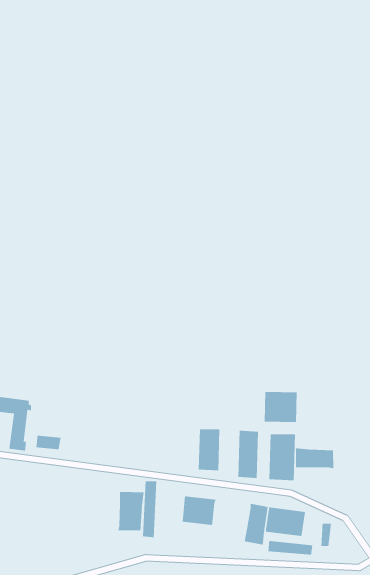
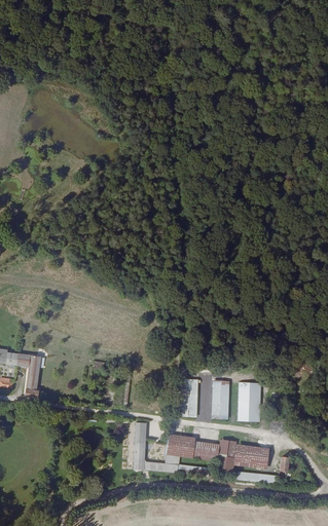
building: [264,391,297,423] -> none
building: [295,448,334,469] -> none
building: [118,491,144,531] -> none
building: none -> [192,440,223,461]

